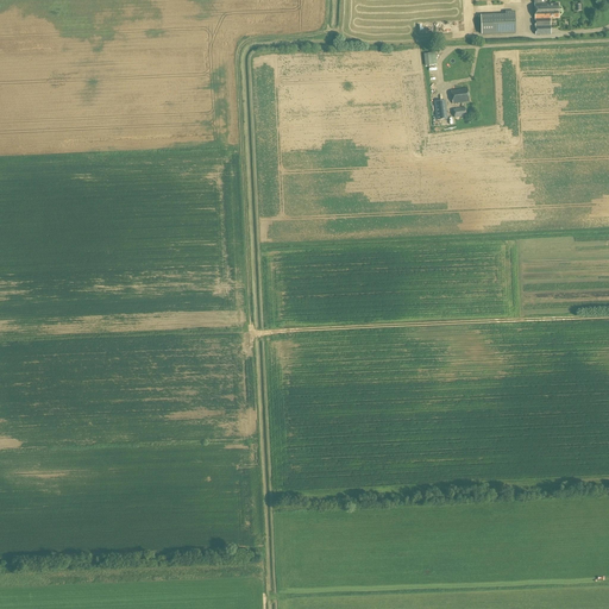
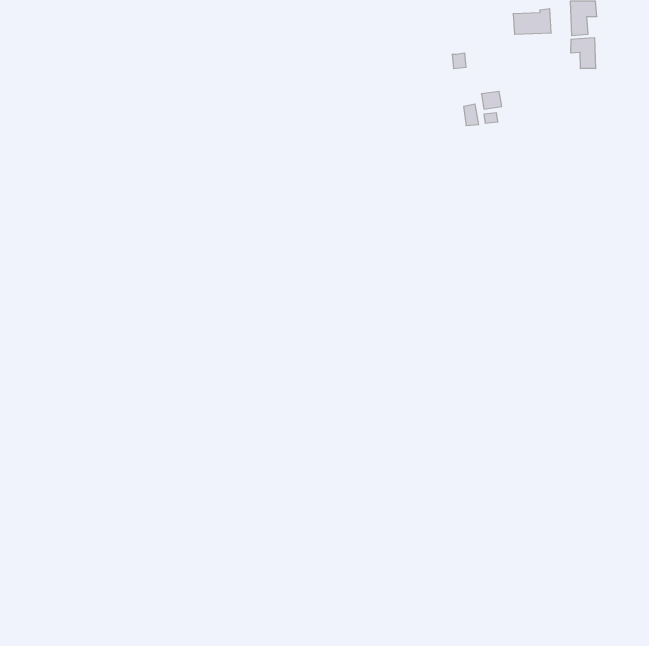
building: none -> [571,38,596,69]

